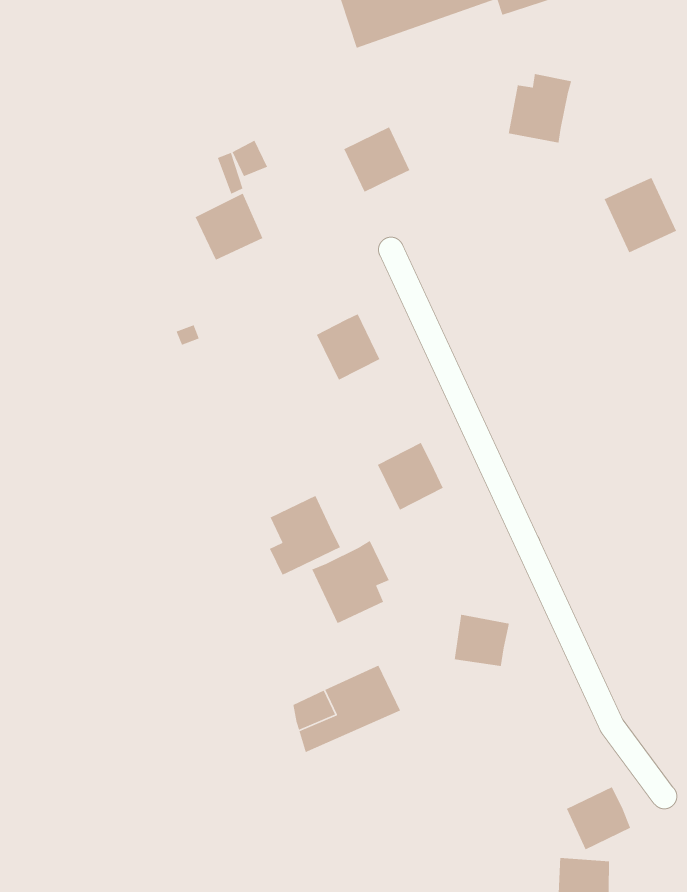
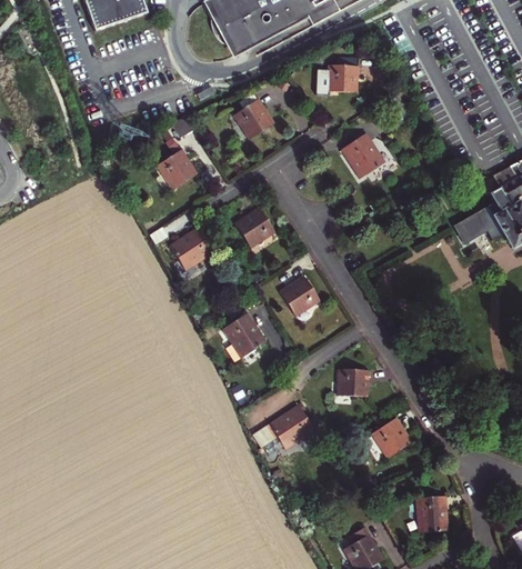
building: [604,177,677,254] -> [341,132,385,178]
building: none -> [169,226,214,270]
building: [311,540,390,624] -> none
building: [566,786,631,851] -> [372,417,411,456]

